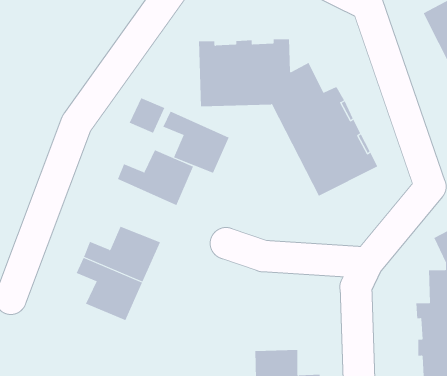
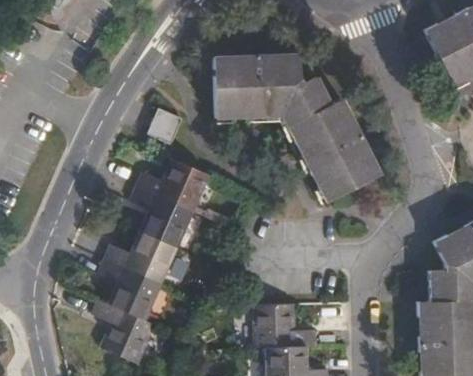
building: [163,111,230,174] -> [130,186,193,245]
building: none -> [92,299,155,364]
building: none -> [254,304,316,347]

